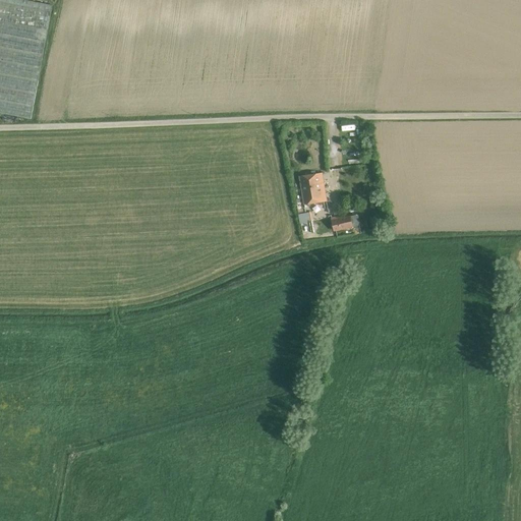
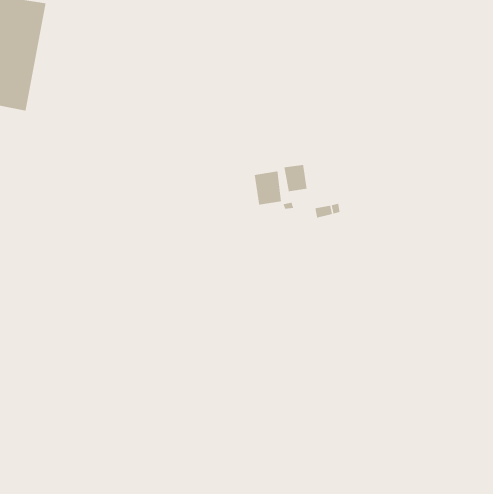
building: none -> [254,171,282,205]

